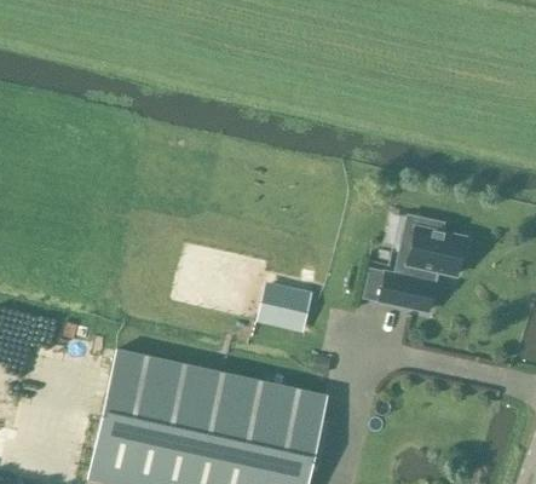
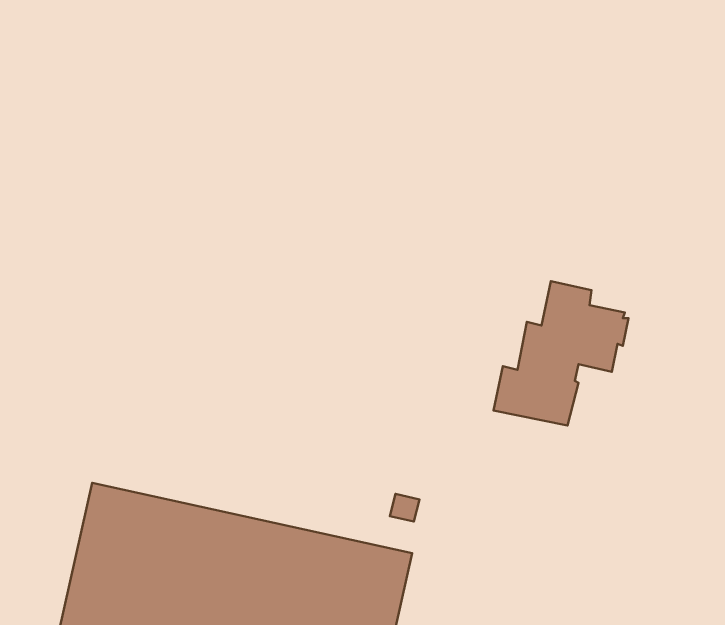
building: [259,280,300,325] -> none

